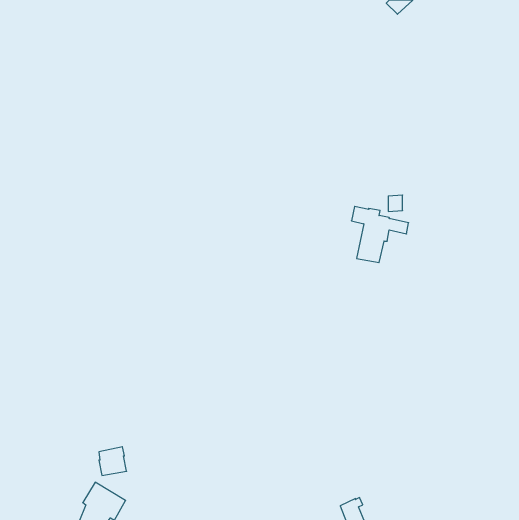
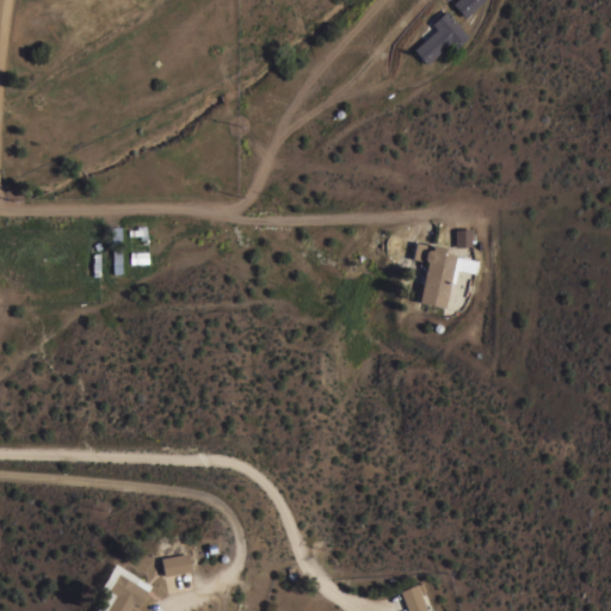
building: none -> [415,12,471,66]
building: [99,447,127,475] -> [160,544,192,578]

